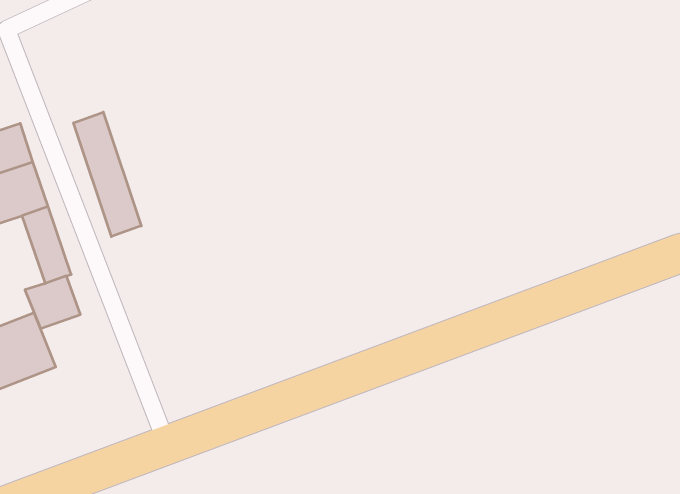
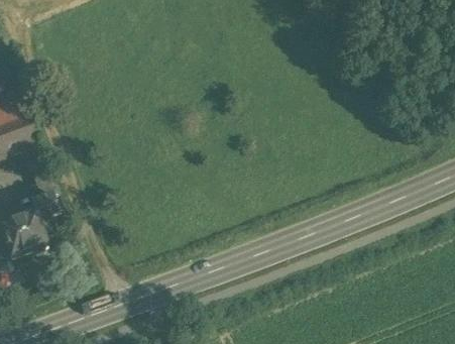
building: [74,112,141,237] -> none

